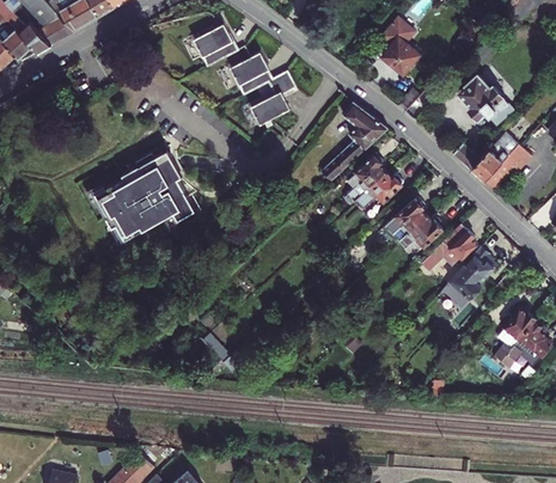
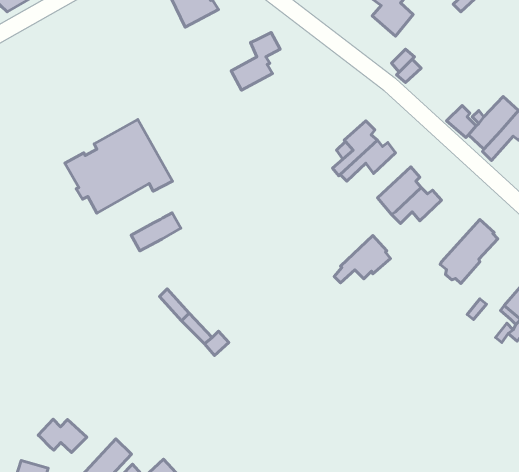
building: [228,51,271,94] -> none
building: [457,74,511,127] -> none
building: [322,103,387,181] -> none
building: [423,225,476,269] -> [334,235,391,283]
building: none -> [131,213,181,251]
building: none -> [38,419,87,452]

